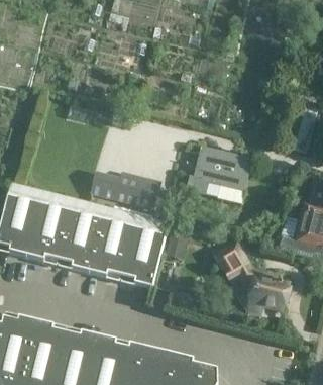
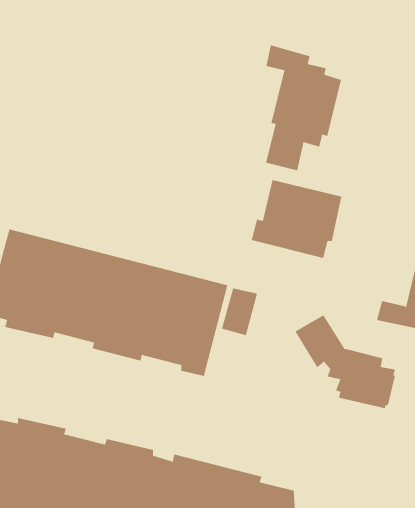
building: none -> [266,44,342,171]
building: [88,171,159,210] -> none

